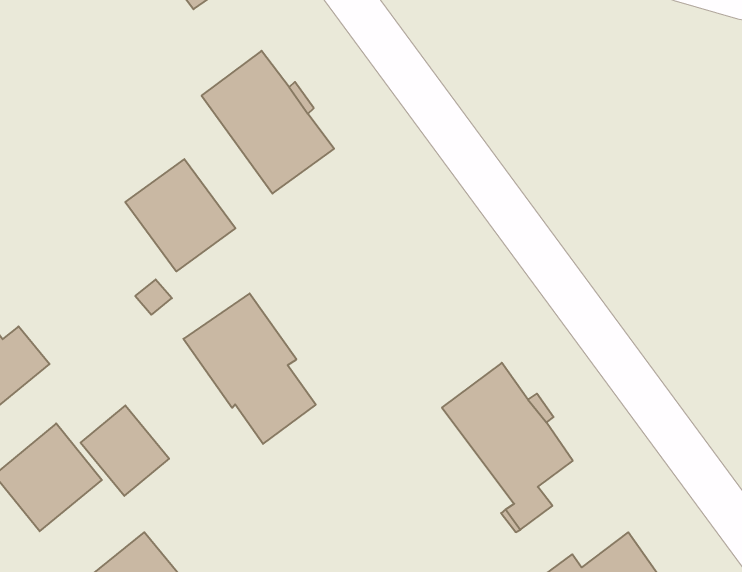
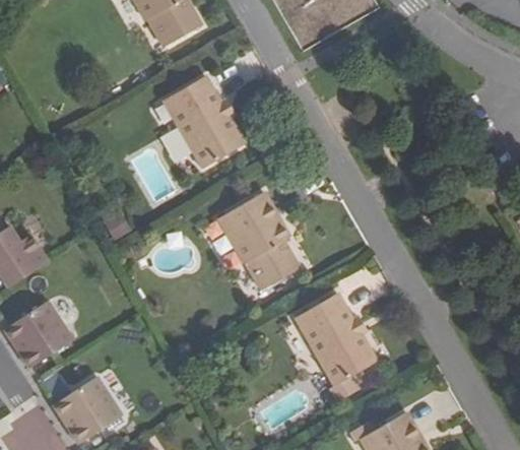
building: [125,159,235,271] -> none
building: [183,293,316,444] -> [218,193,299,291]
building: [81,405,169,496] -> none

